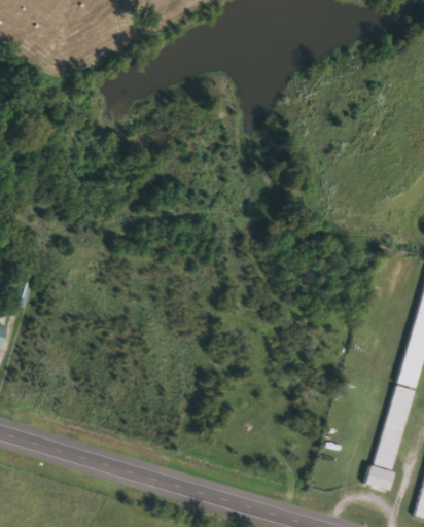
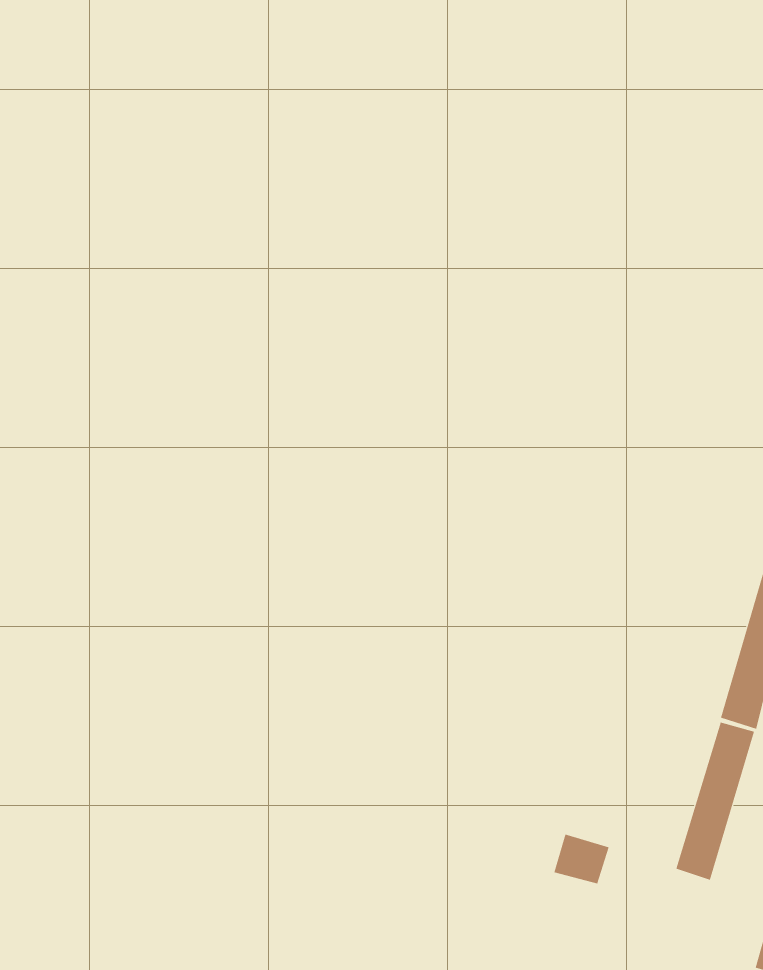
building: [364,465,394,492] -> [553,834,609,884]

